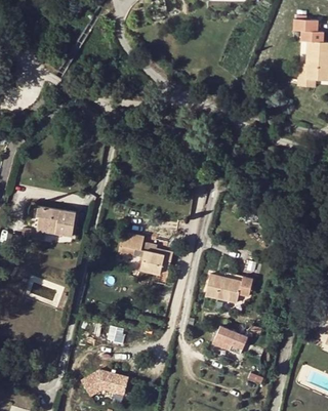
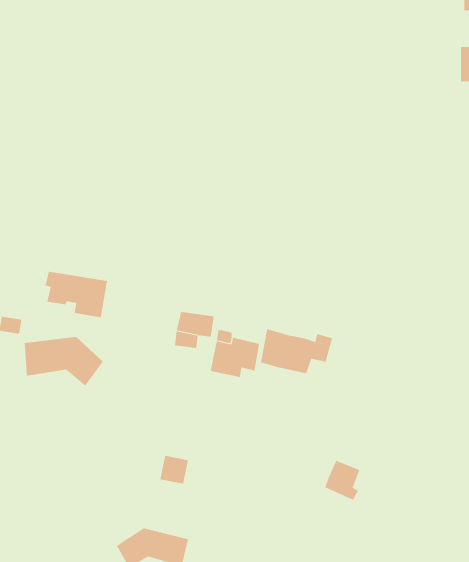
building: none -> [24,336,103,387]
building: [206,274,252,302] -> [260,329,333,374]

